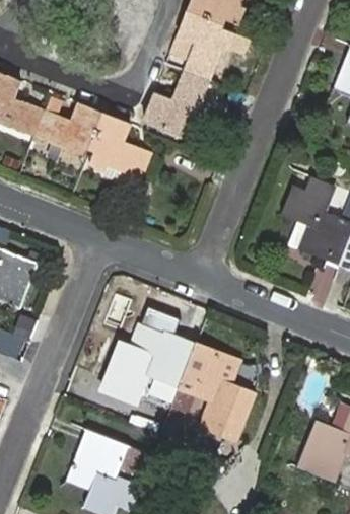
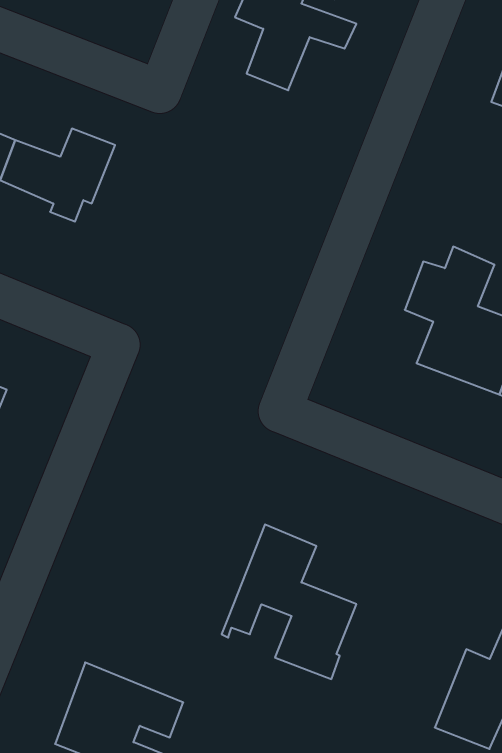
building: [143,70,209,135] -> none
building: [89,114,151,190] -> none
building: [101,323,195,402] -> none

